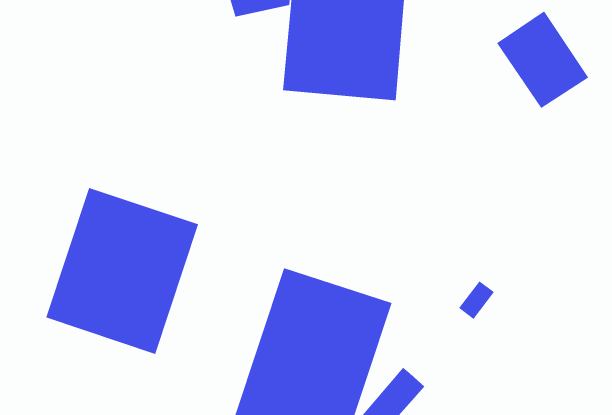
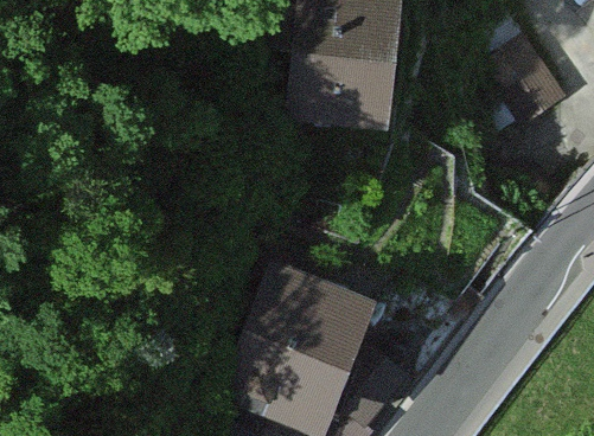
building: [46,187,199,355] -> none

